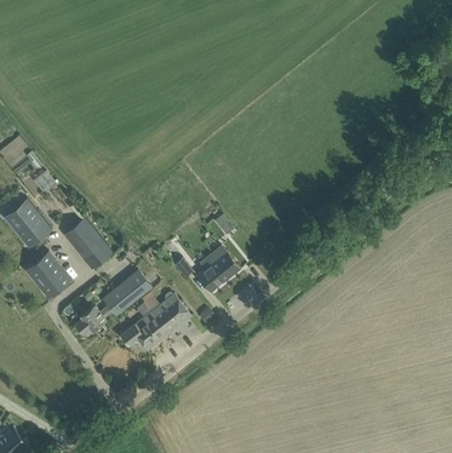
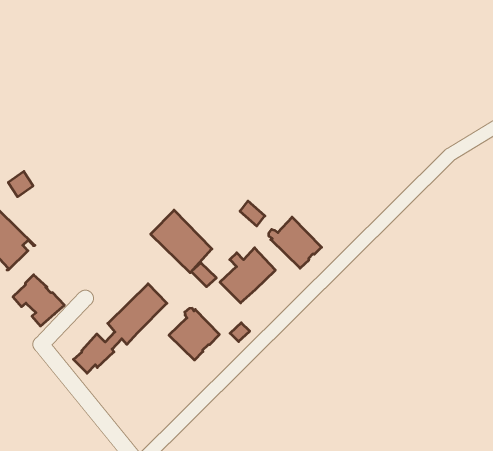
building: [63,217,110,268] -> [151,210,212,273]
building: none -> [269,217,322,268]
building: [118,311,167,351] -> none

